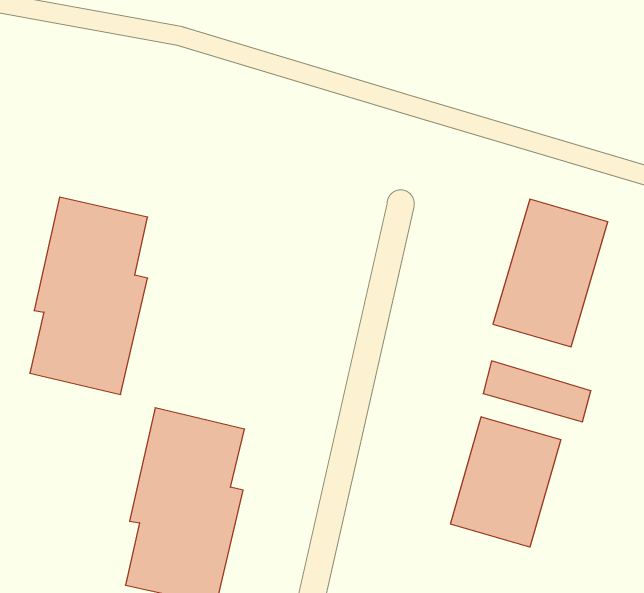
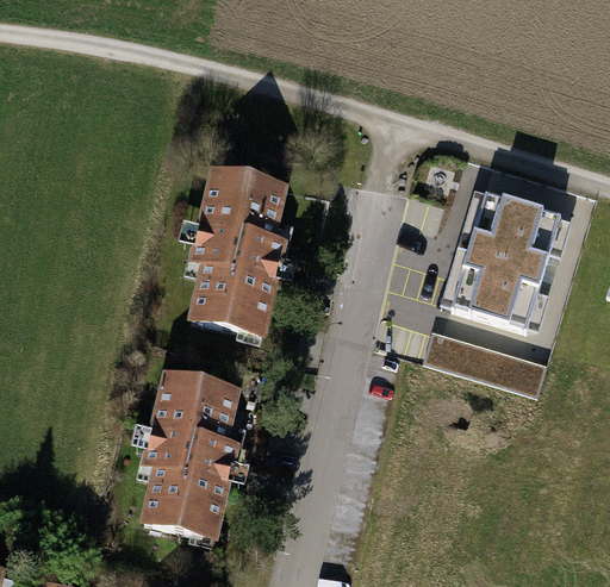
building: [30,197,148,394] -> [187,173,286,338]
building: [451,417,561,547] -> none

